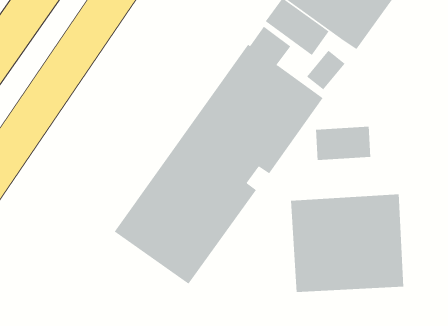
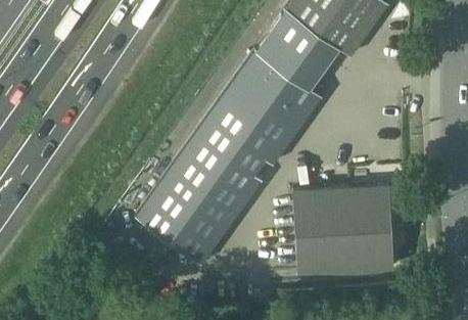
building: [316,126,371,161] -> none

